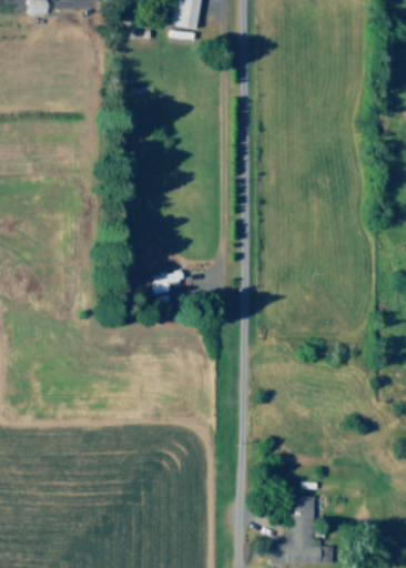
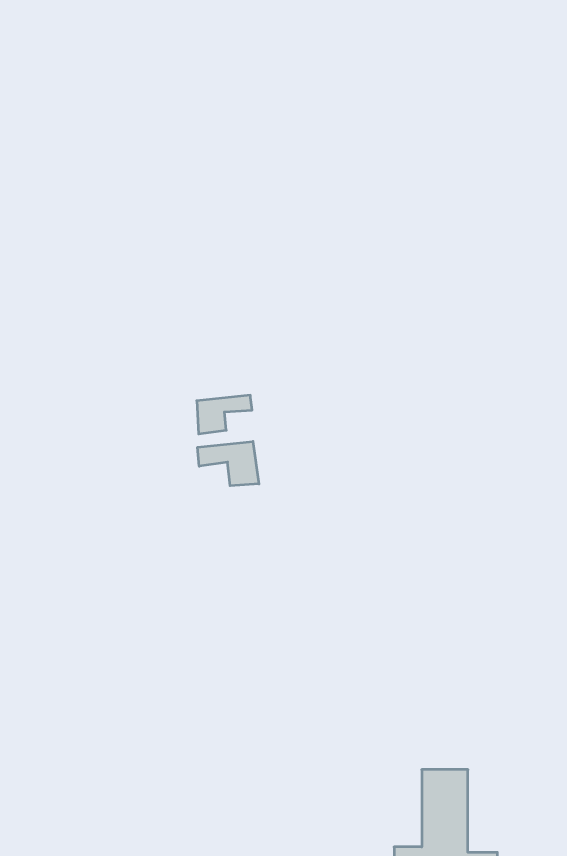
building: none -> [198,441,259,486]

